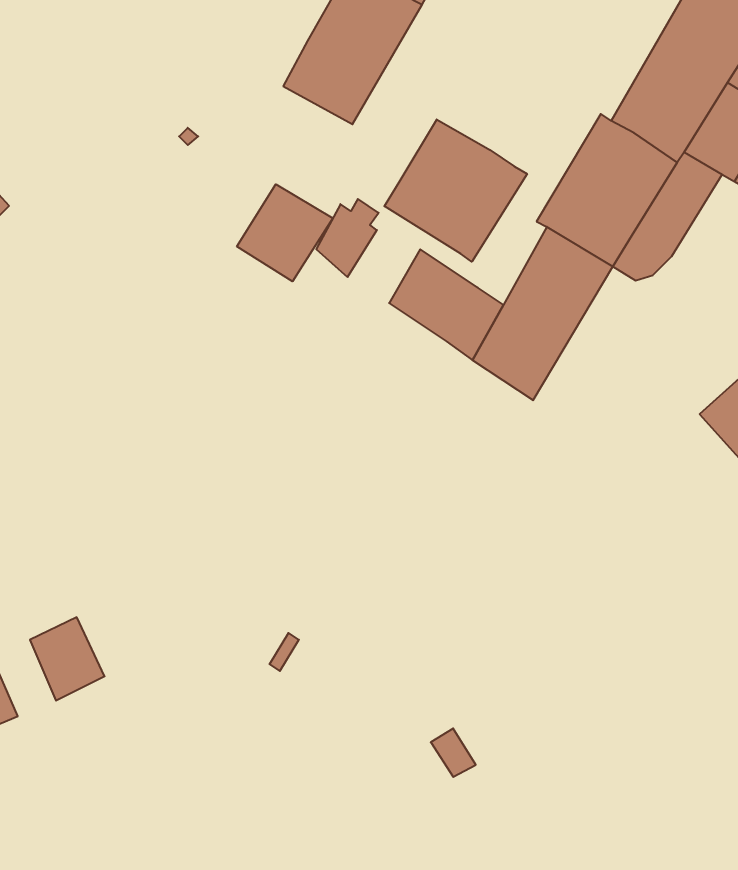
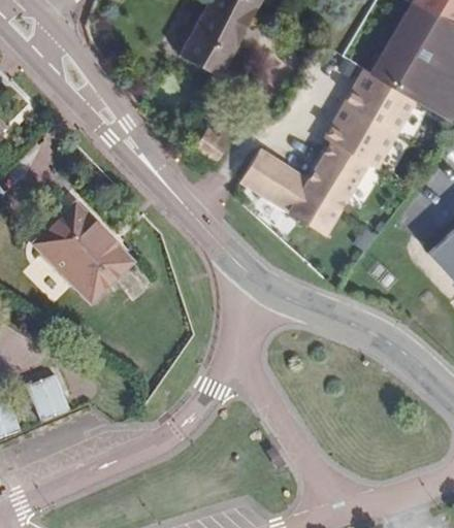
building: [384,119,527,262] -> none
building: [237,184,333,281] -> none
building: none -> [34,202,128,299]

